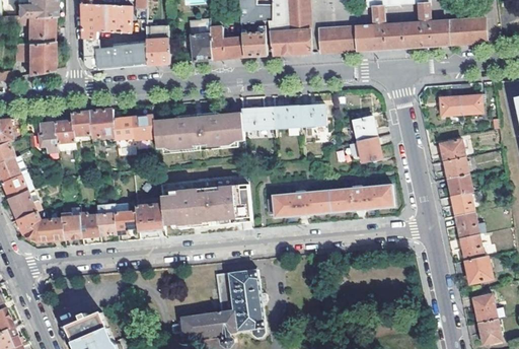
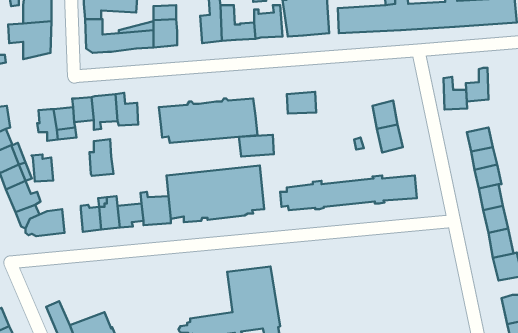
building: [459,83,481,114] -> [443,77,467,110]
building: [132,104,154,139] -> [90,139,113,176]
building: [298,106,325,126] -> none
building: [240,109,273,129] -> [239,135,274,156]
building: [61,213,81,238] -> [32,154,53,182]

